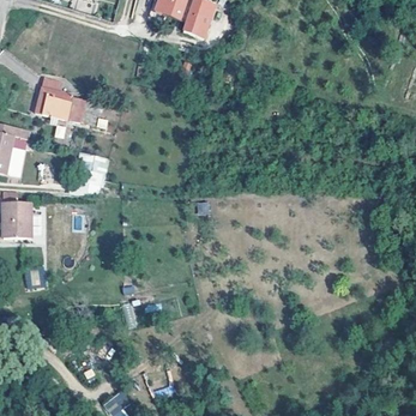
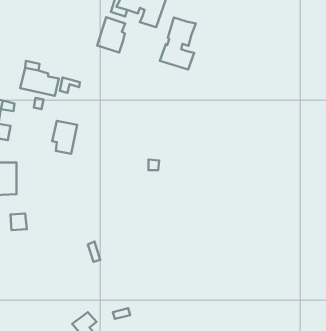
building: none -> [97,17,125,53]
building: none -> [160,17,196,70]

